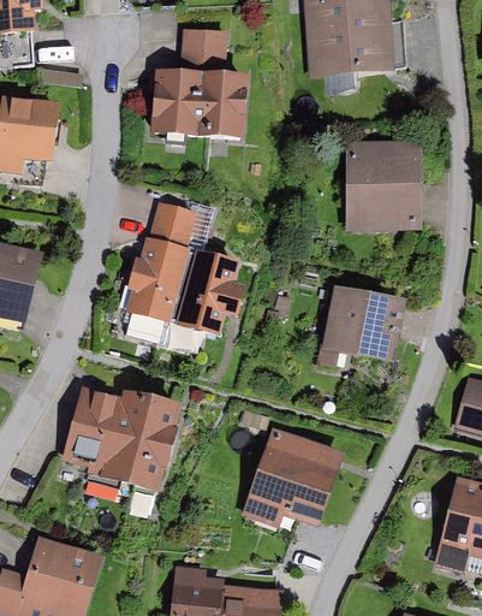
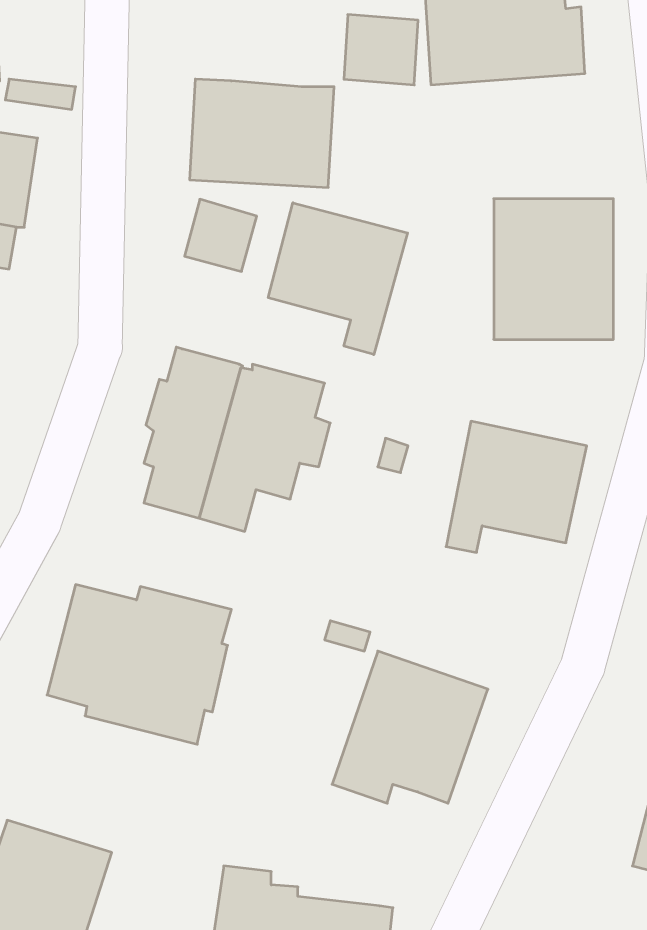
building: [182,28,228,72] -> [344,15,418,85]
building: none -> [268,203,408,355]
building: [150,202,196,248] -> [185,199,257,271]

